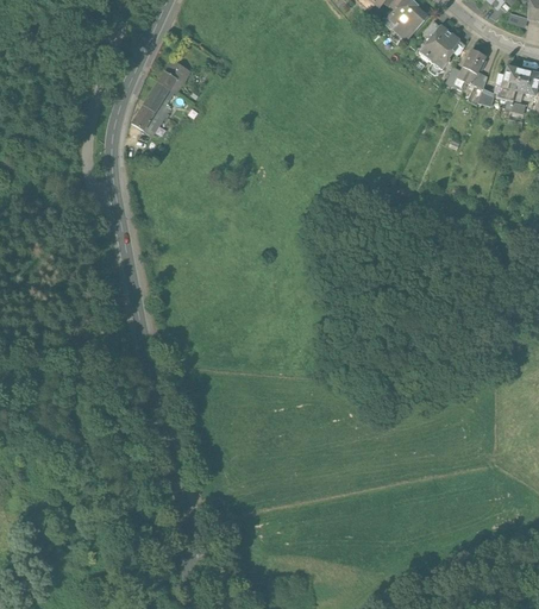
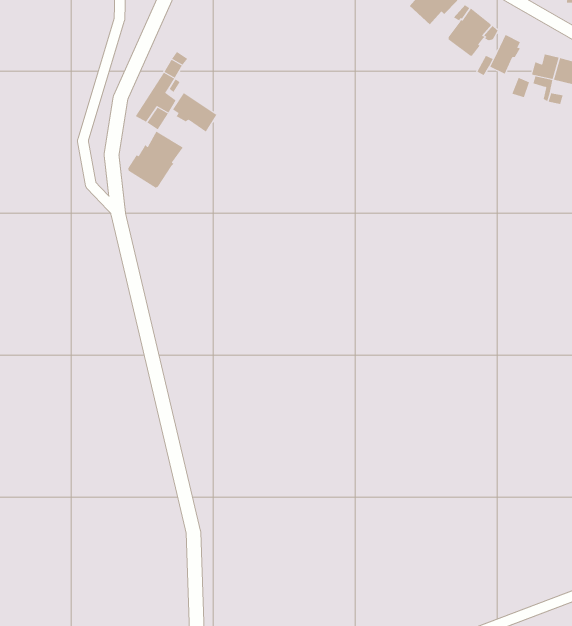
building: none -> [172,92,217,132]
building: none -> [128,131,183,189]

